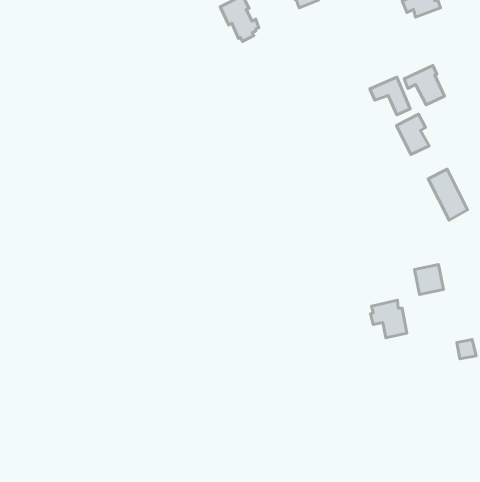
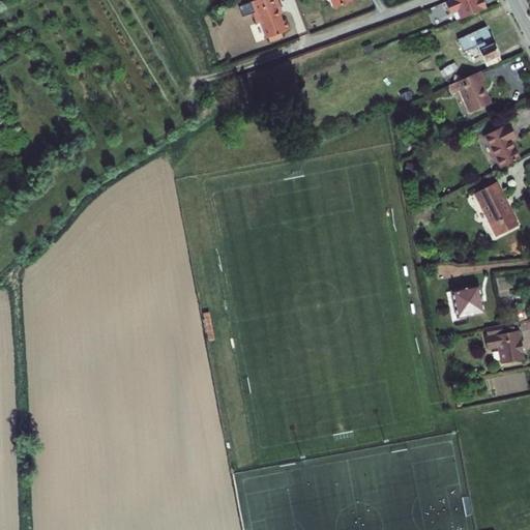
building: [370,77,410,115] -> [458,27,501,67]
building: [396,114,429,154] -> [483,124,519,168]
building: [370,300,407,338] -> [484,322,524,362]

